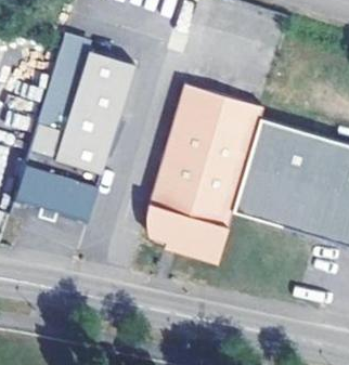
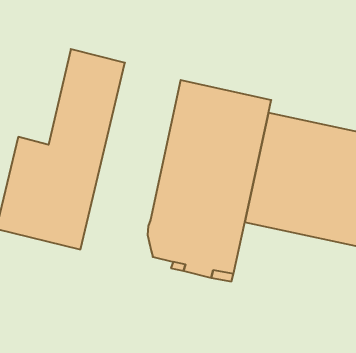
building: [37,41,88,131] -> none

